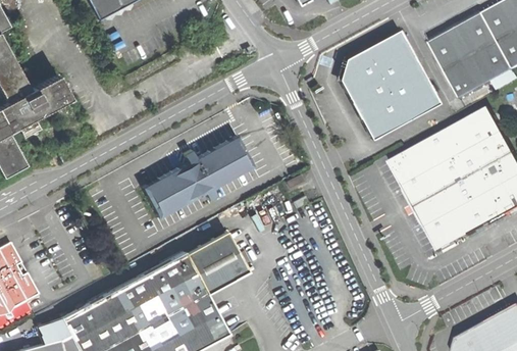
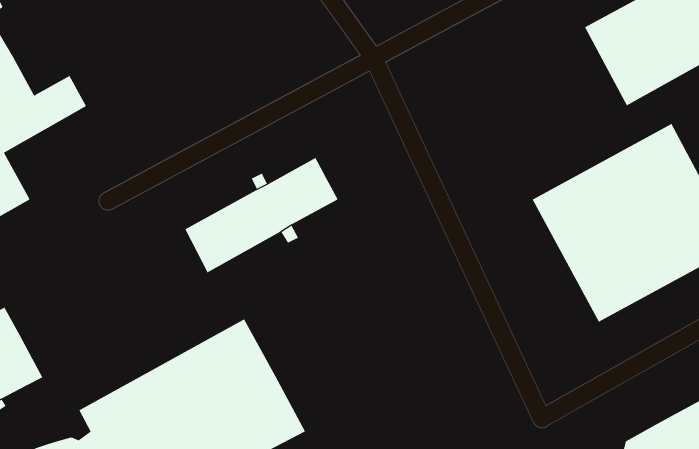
building: [338,30,437,141] -> none
building: [184,231,247,293] -> none
building: [40,317,71,341] -> none

